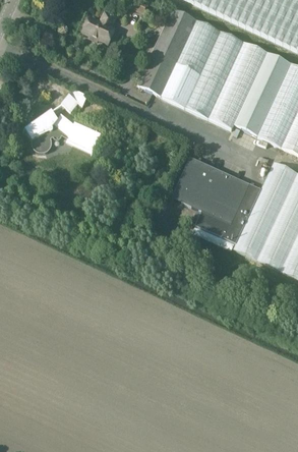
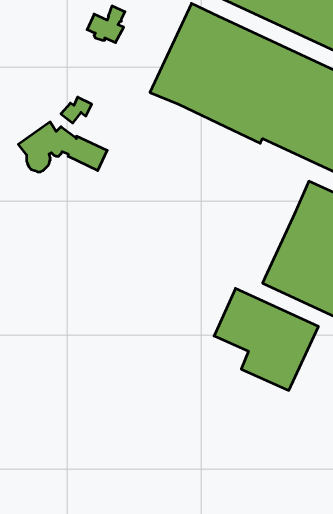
building: [173,157,262,244] -> [214,288,318,390]

